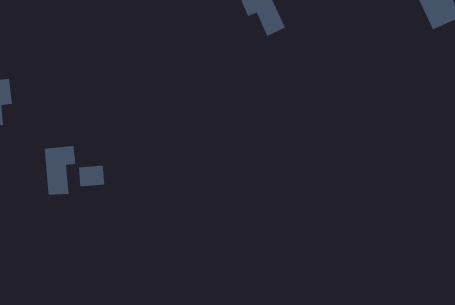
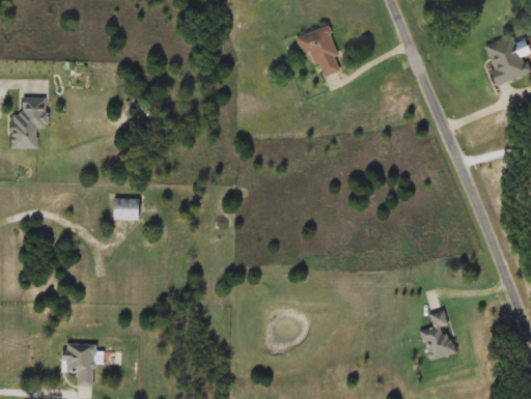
building: [44,145,76,195] -> none
building: none -> [421,309,453,359]

